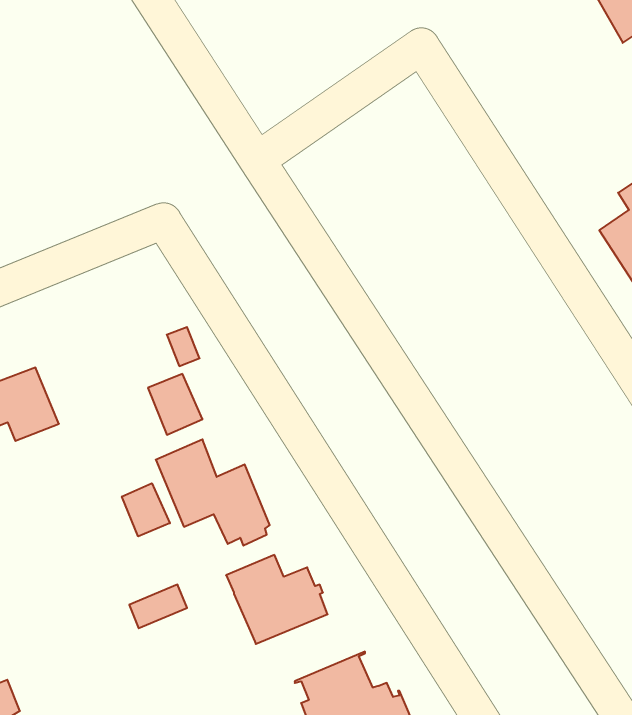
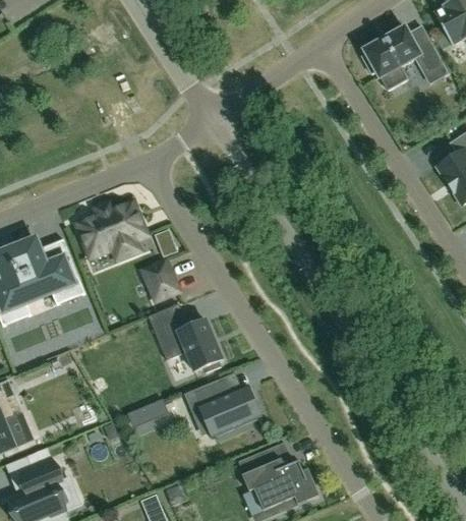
building: none -> [362,25,443,89]
building: none -> [76,198,148,260]
building: [122,483,170,536] -> none

